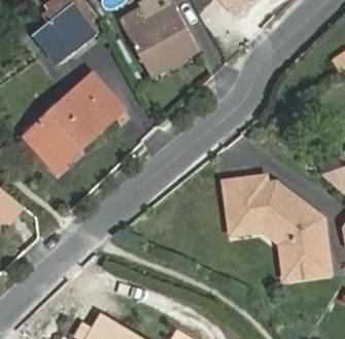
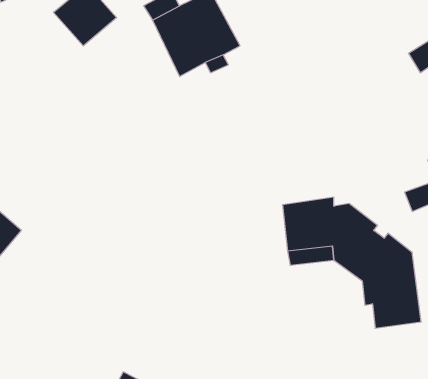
building: [21,69,125,174] -> none

